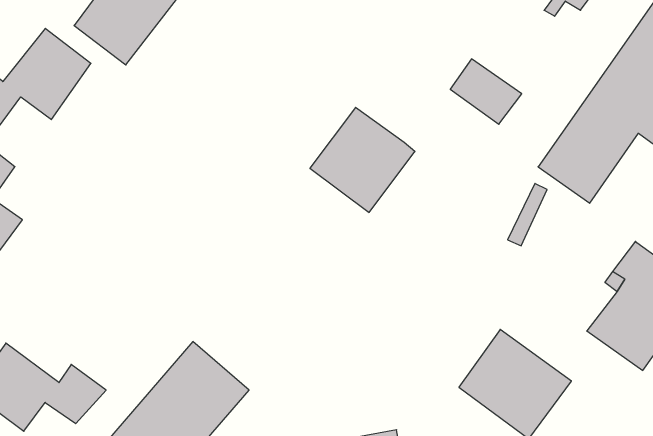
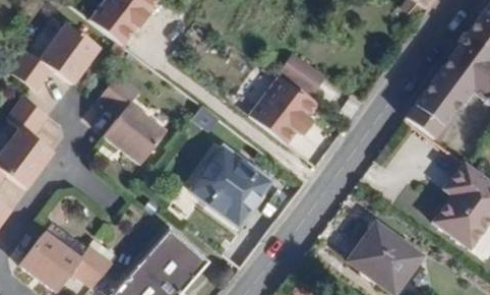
building: [450,59,522,124] -> [278,53,325,97]
building: none -> [98,74,164,161]
building: none -> [193,149,269,225]

